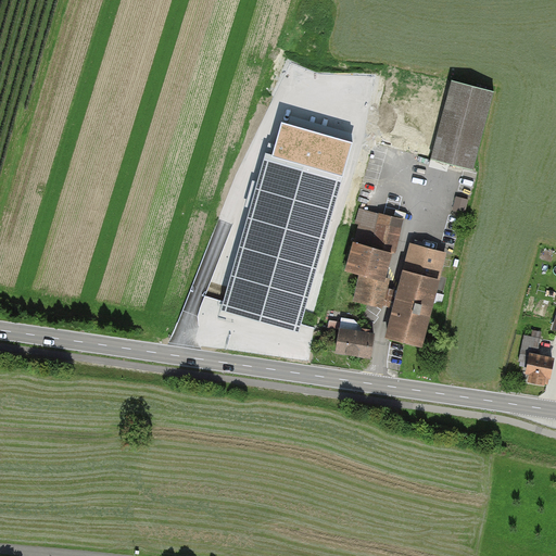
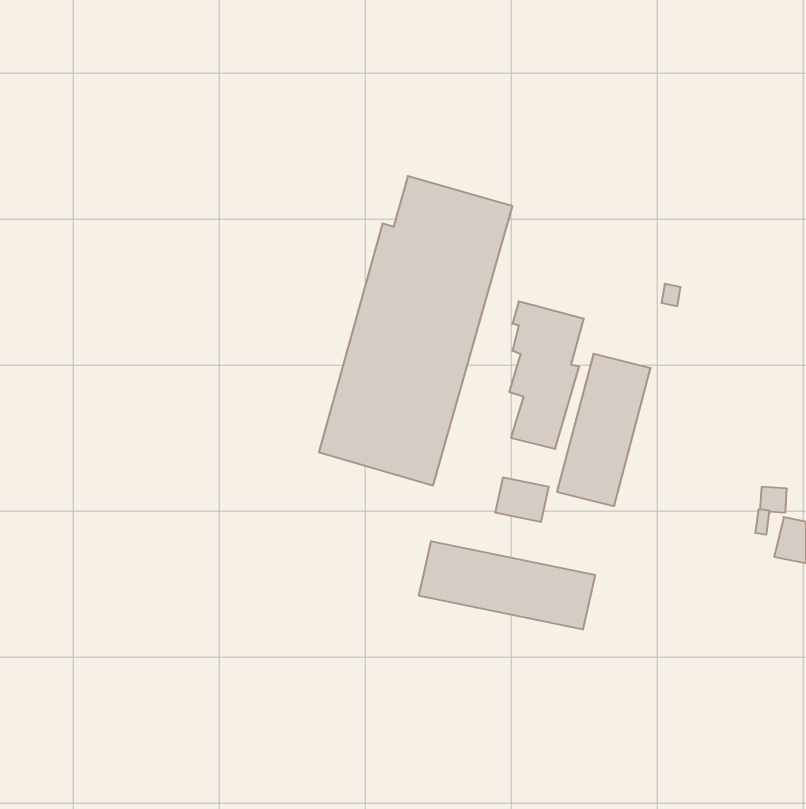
building: [439,80,498,169] -> none
building: none -> [419,541,595,630]

